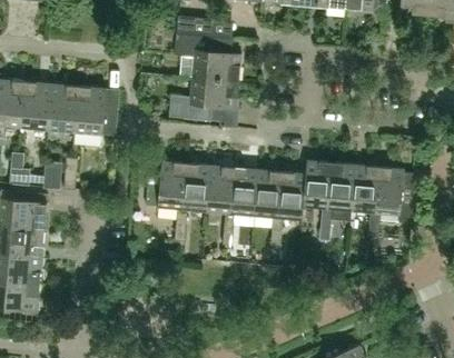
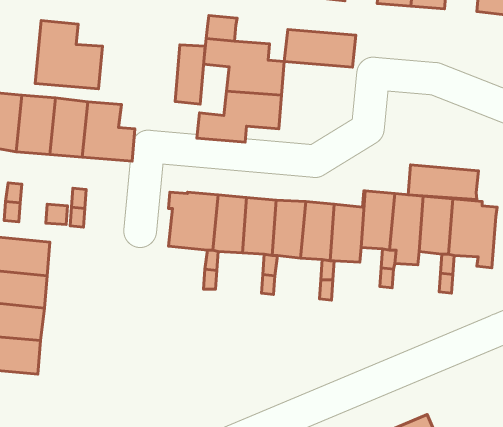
building: none -> [35,21,103,89]
building: none -> [284,29,356,67]
building: none -> [175,45,205,104]
building: none -> [408,165,479,200]

